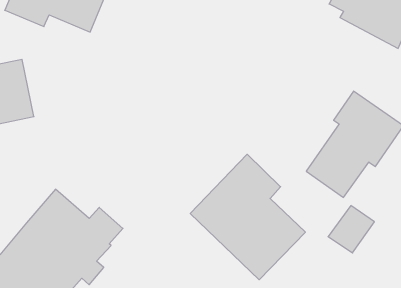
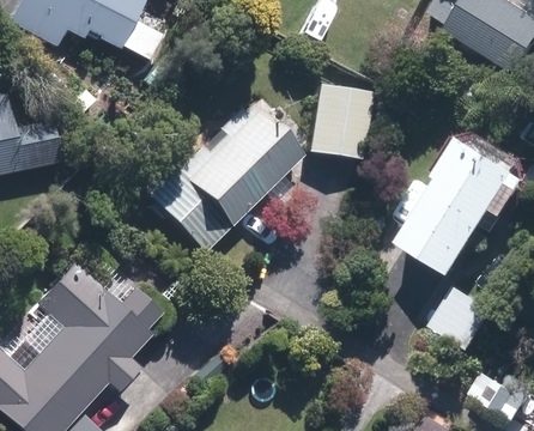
building: none -> [311,84,368,158]
building: none -> [145,102,307,251]
building: [190,154,305,280] -> none

